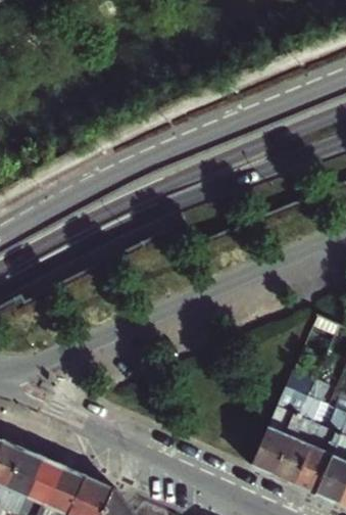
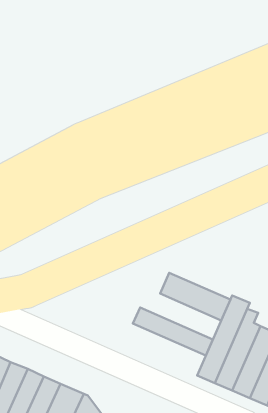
building: none -> [160,273,230,320]
building: none -> [133,307,213,355]

